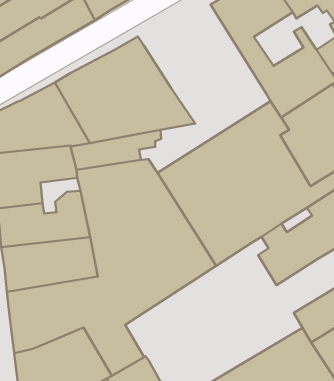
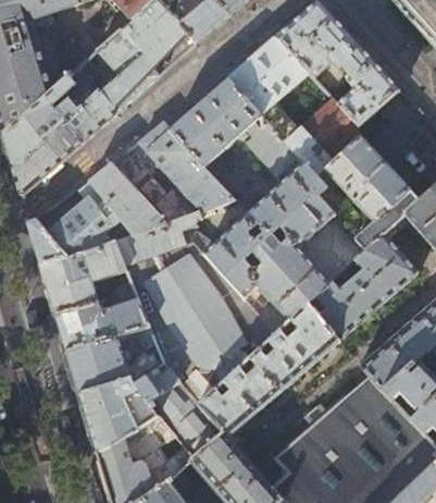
building: none -> [170,77,297,172]
building: none -> [199,303,339,435]

